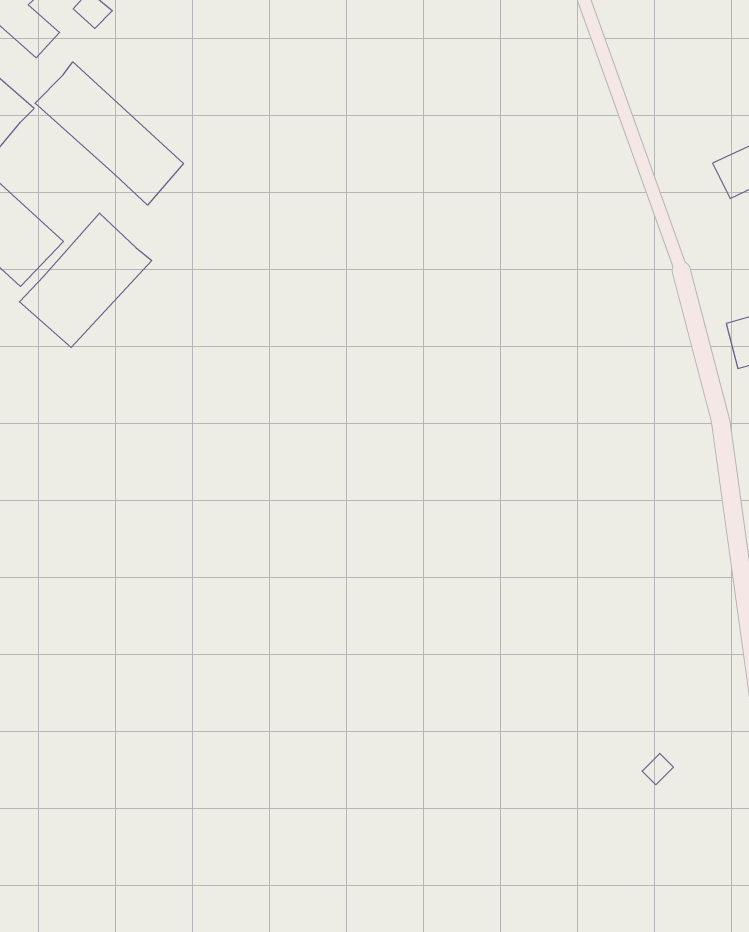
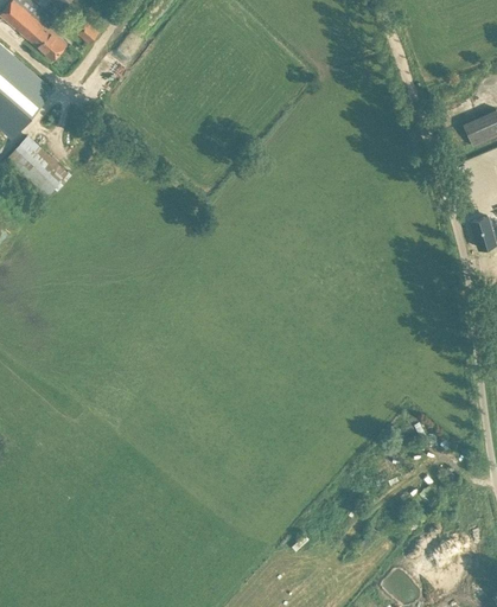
building: [35,62,183,205] -> none
building: [19,213,152,347] -> none

